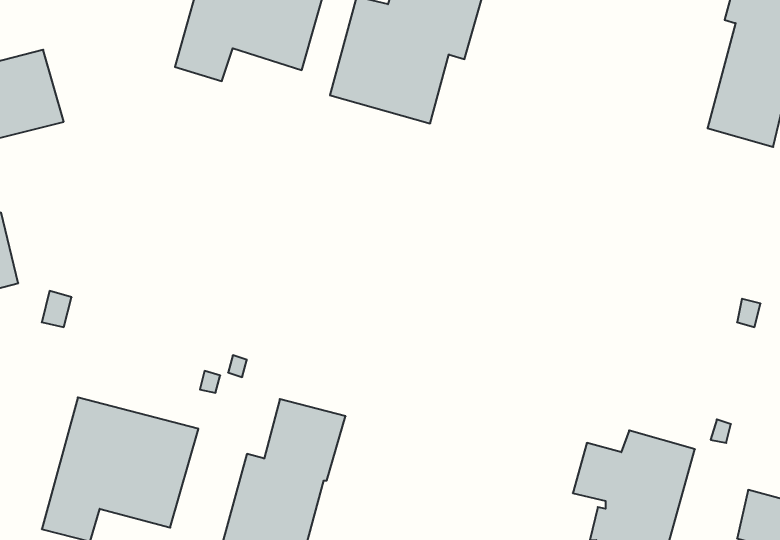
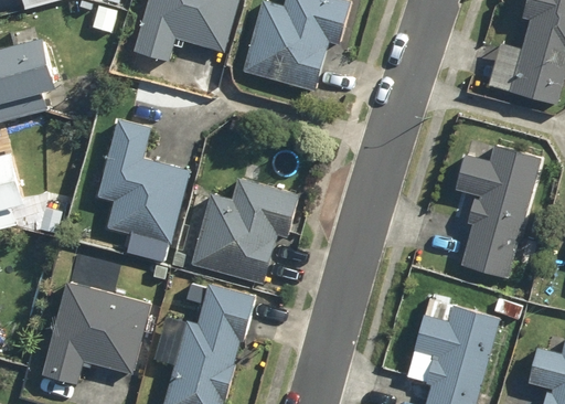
building: none -> [97,119,189,244]
building: none -> [456,145,541,277]
building: none -> [191,178,297,284]

